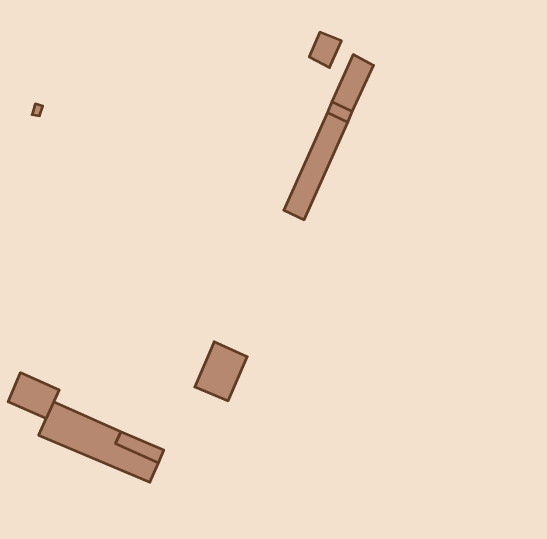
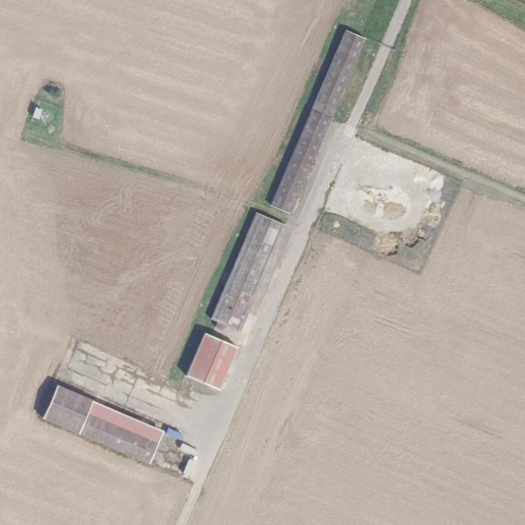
building: [309,32,341,68] -> [338,29,369,63]
building: none -> [210,212,285,330]
building: [8,373,59,418] -> none

